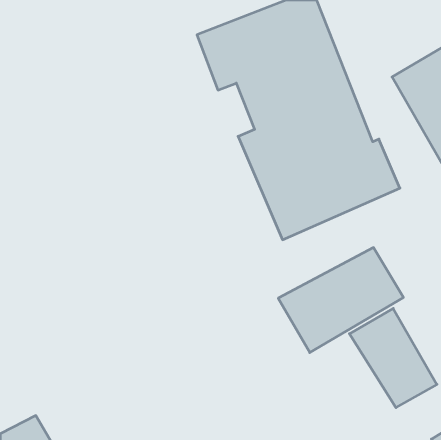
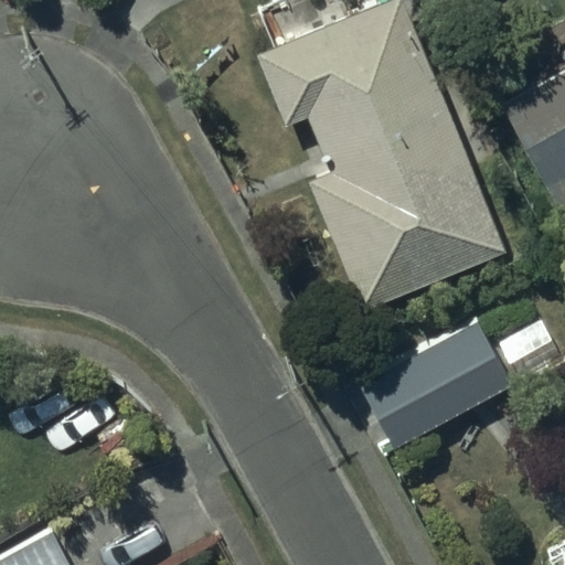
building: [349,308,437,408] -> none

